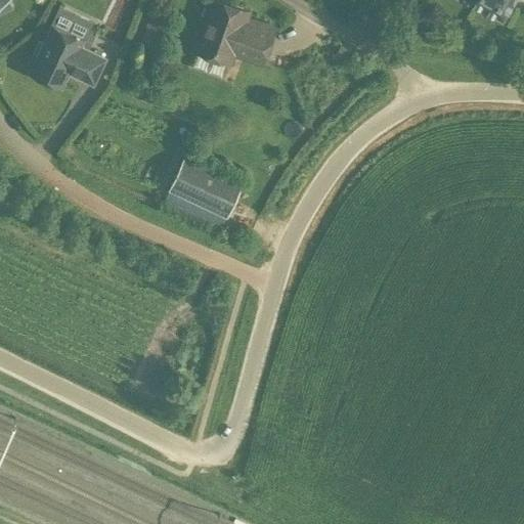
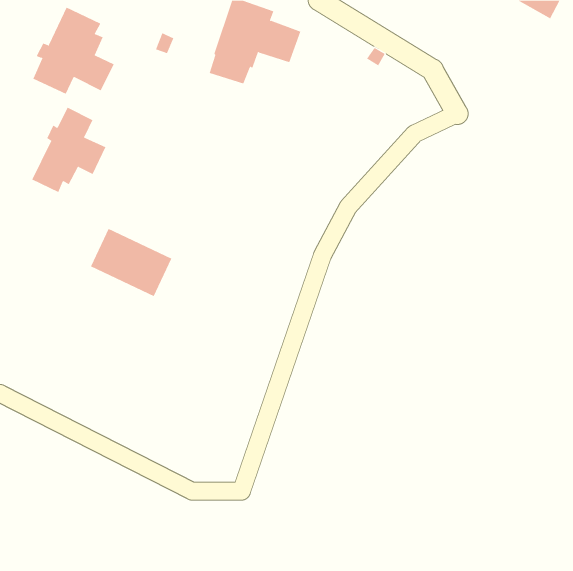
building: none -> [31,107,106,193]
building: [170,158,245,220] -> [90,228,172,297]

